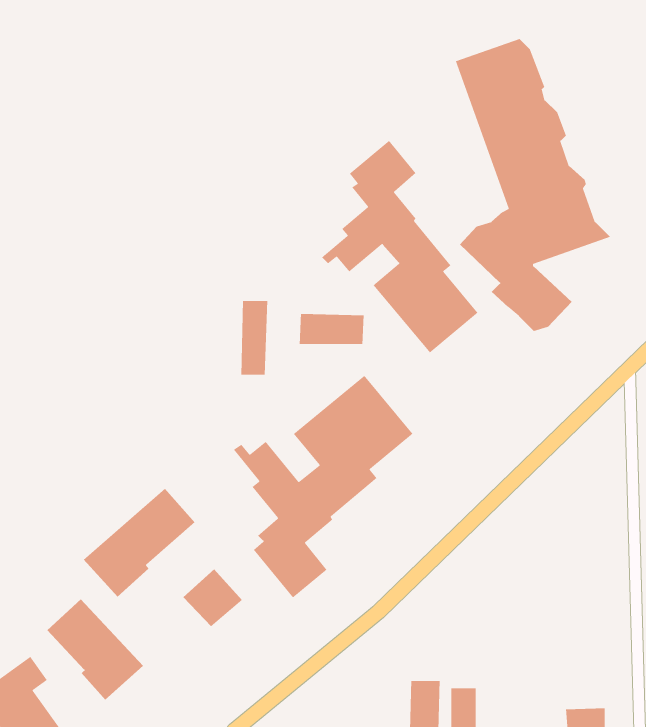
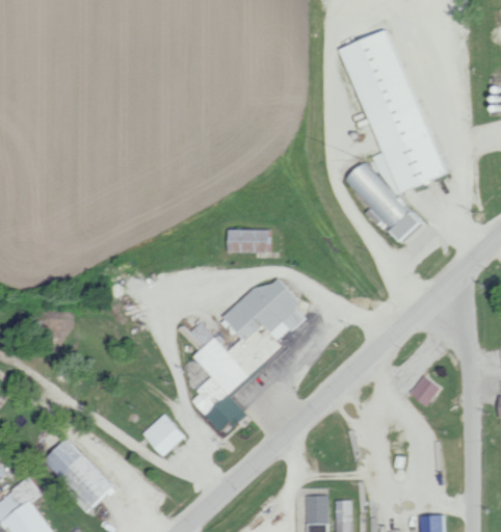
building: [321,140,479,354] -> none
building: [241,300,268,376] -> none
building: [83,488,195,597] -> none
building: none -> [410,375,440,406]

